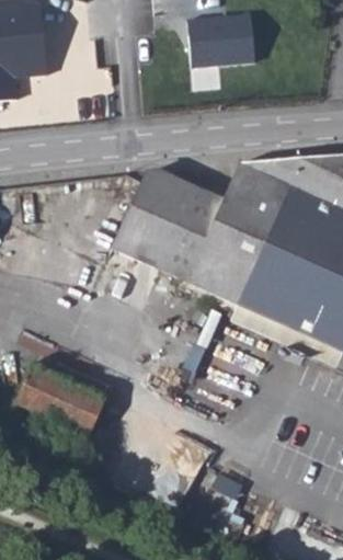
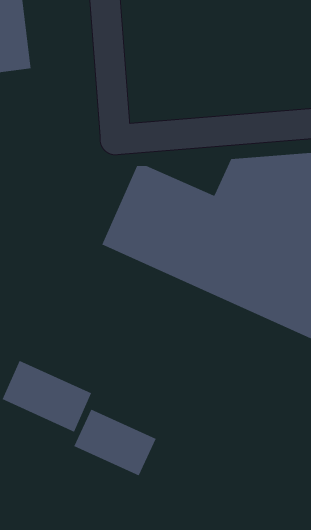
building: [182,12,252,69] -> none
building: none -> [73,408,157,477]

